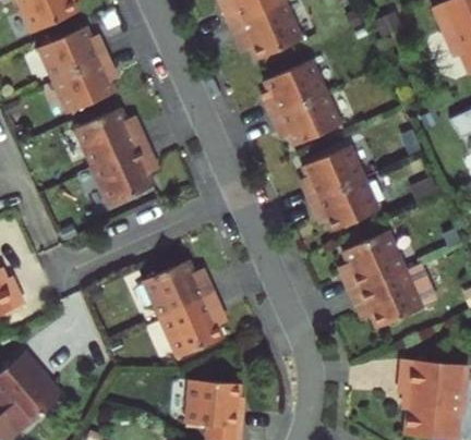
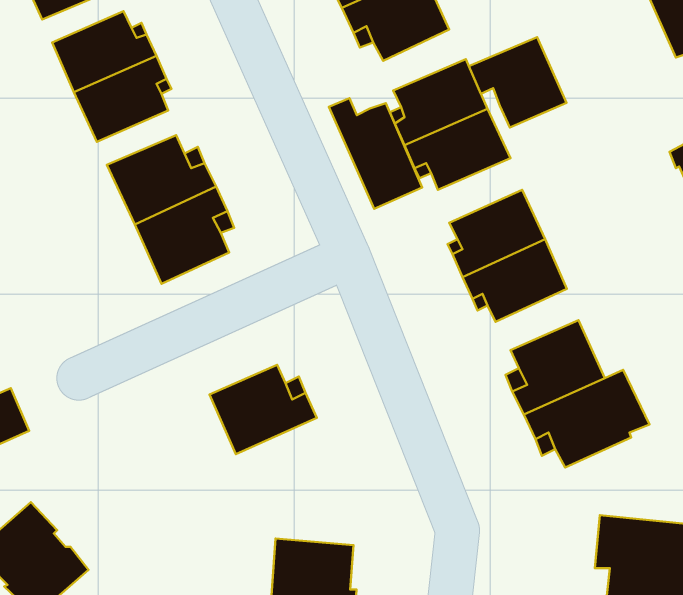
building: none -> [469,37,567,127]
building: none -> [329,98,422,209]
building: [161,296,224,359] -> none

